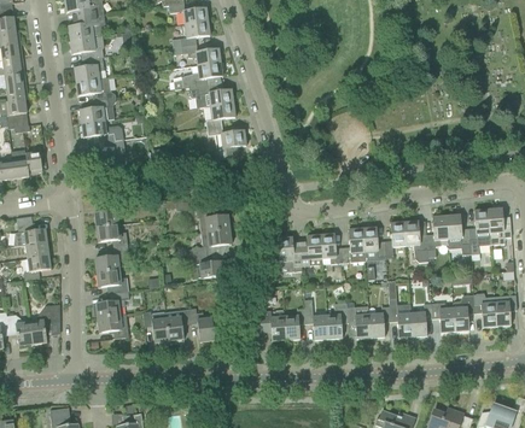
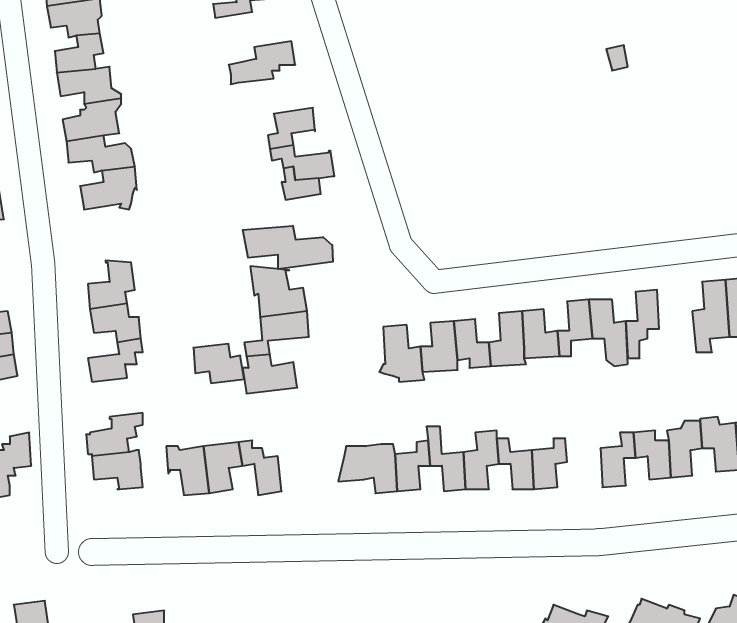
building: [173,43,220,65] -> none
building: [187,84,233,107] -> none
building: none -> [243,226,333,269]
building: [445,213,469,254] -> none
building: [97,269,128,293] -> [193,344,244,383]
building: [389,298,412,339] -> none

